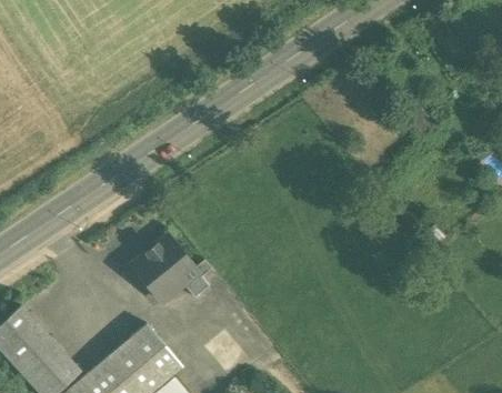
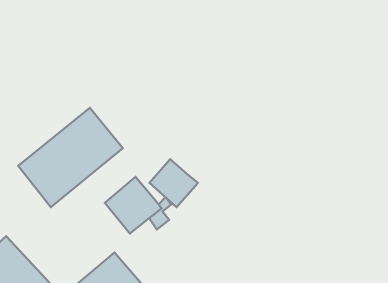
building: none -> [18,108,123,207]
building: none -> [150,159,198,207]

